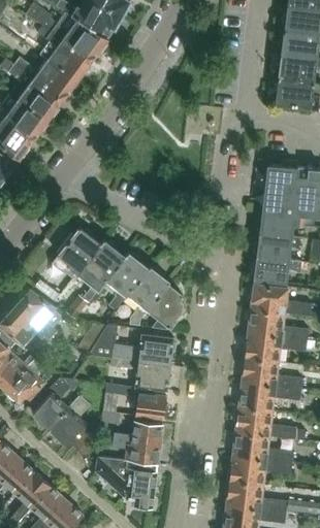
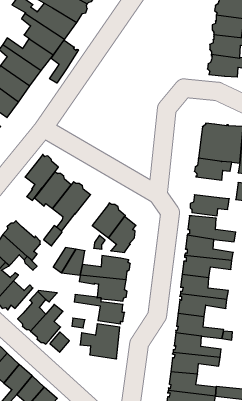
building: none -> [50,40,78,83]
building: [255,234,301,261] -> none
building: [106,253,149,311] -> [25,154,58,200]
building: [96,458,160,510] -> none

